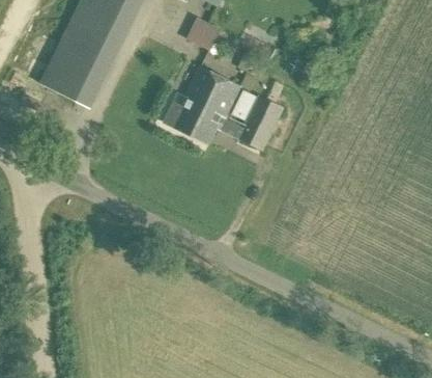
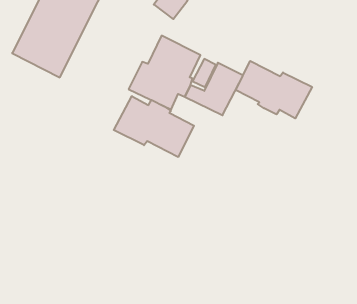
building: none -> [236,61,312,118]
building: none -> [114,96,194,157]

